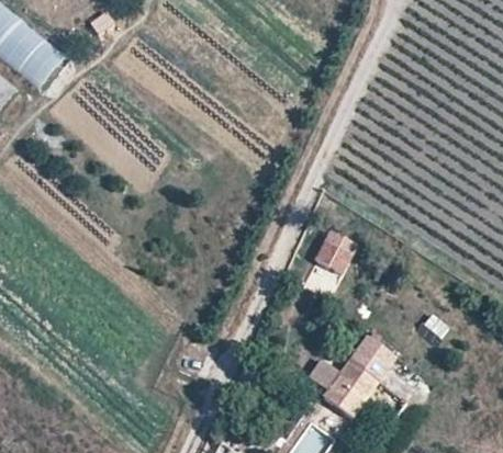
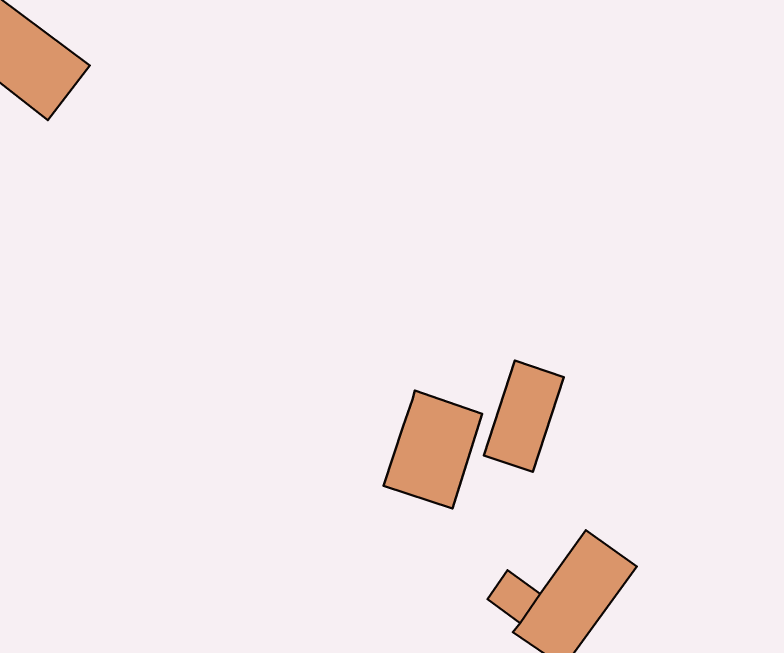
building: none -> [384,390,482,508]

